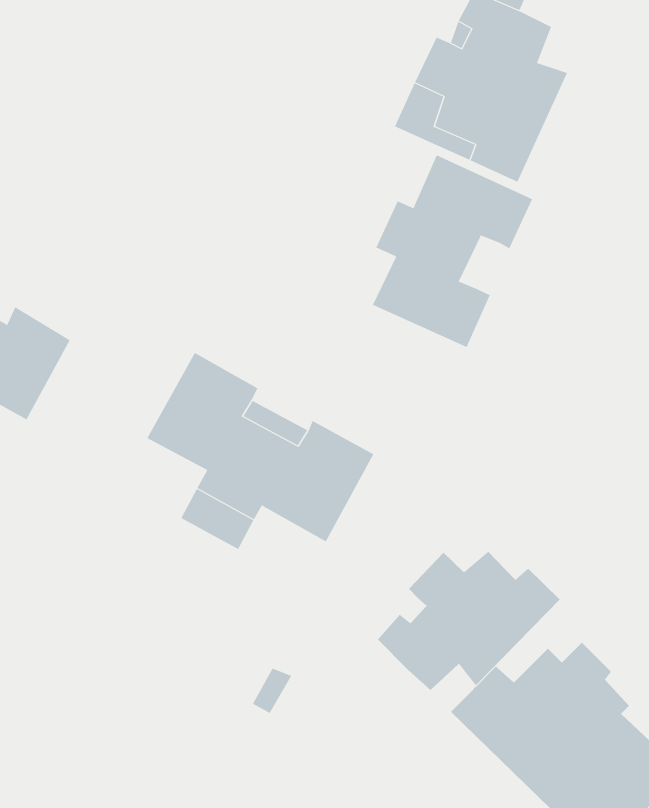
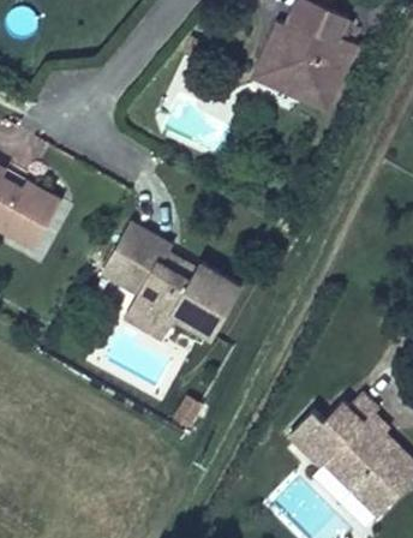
building: [372,155,533,348] -> none
building: [377,551,561,691] -> none

